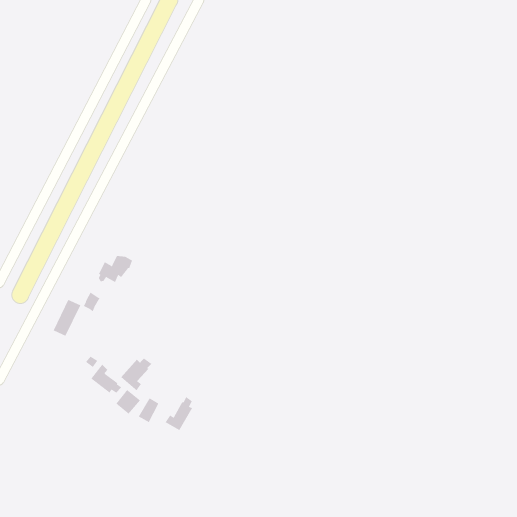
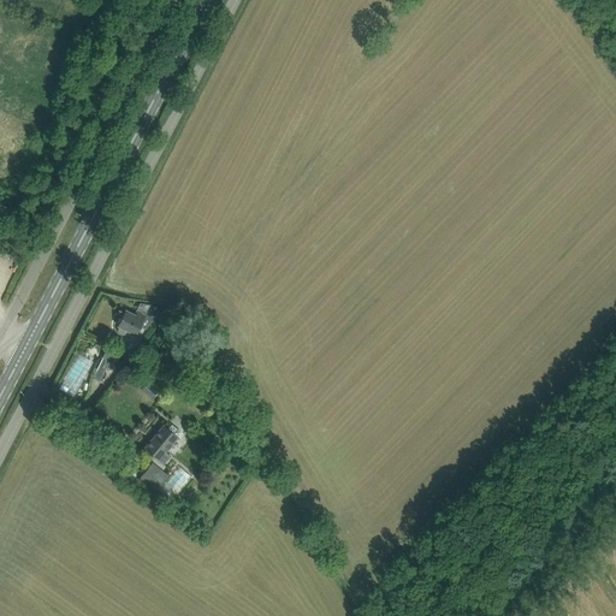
building: [90,364,122,394] -> none
building: [165,396,193,431] -> none

